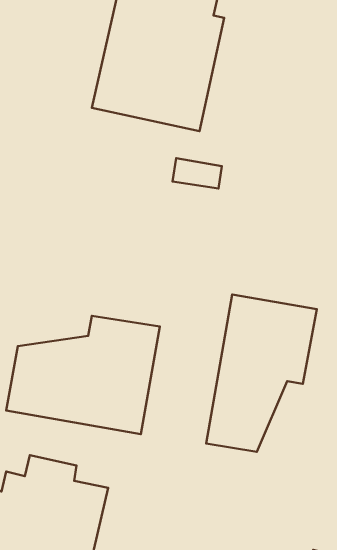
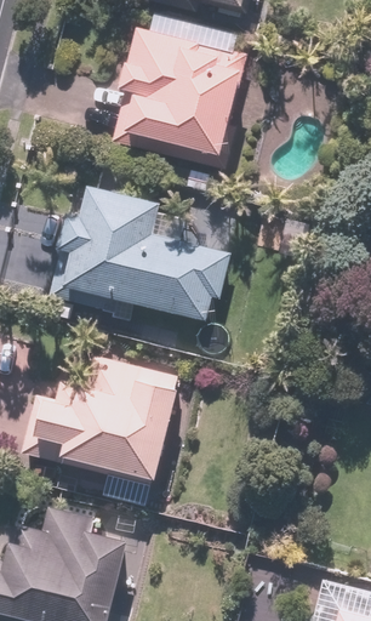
building: none -> [47,184,229,324]
building: [206,295,317,452] -> none

